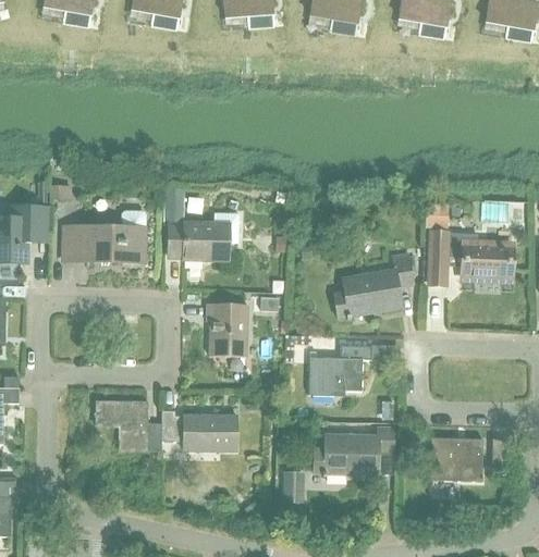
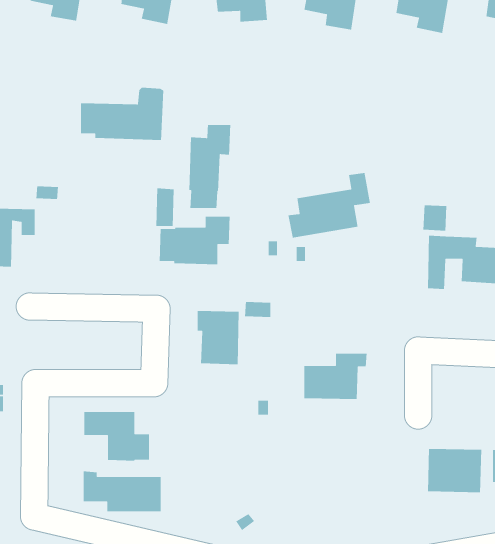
building: none -> [189,124,231,209]
building: [63,211,145,263] -> [80,87,164,141]
building: [332,253,413,318] -> [288,172,371,238]
building: [160,411,236,451] -> [83,471,161,512]
building: [314,428,394,474] -> none
building: [283,471,305,500] -> none

